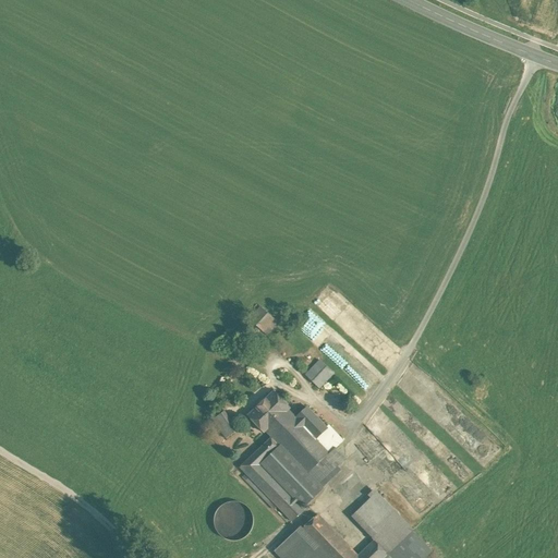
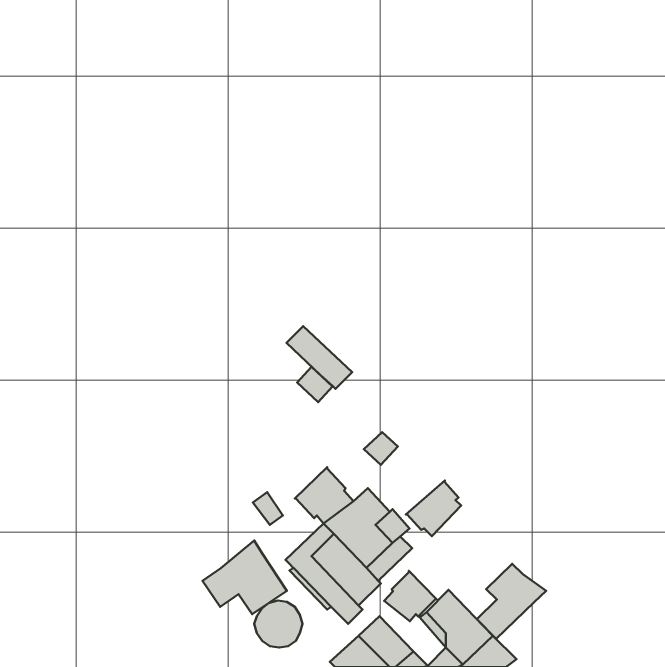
building: none -> [287,326,352,389]
building: none -> [406,481,461,536]
building: none -> [203,541,287,614]
building: none -> [477,564,546,639]
building: none -> [384,571,437,621]

